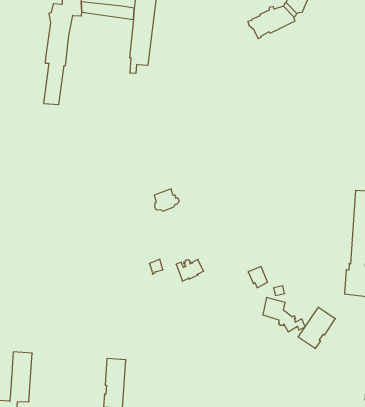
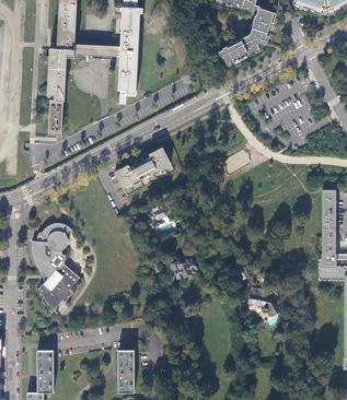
building: none -> [115,148,174,196]
building: none -> [33,224,80,310]
building: [298,307,335,349] -> none

